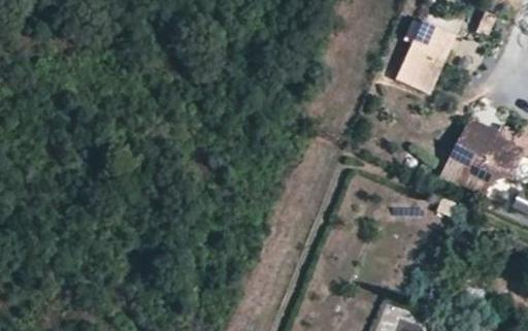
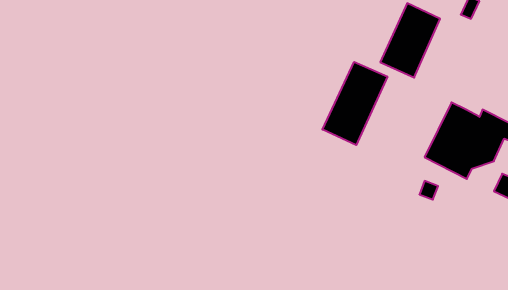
building: none -> [322,62,387,145]

